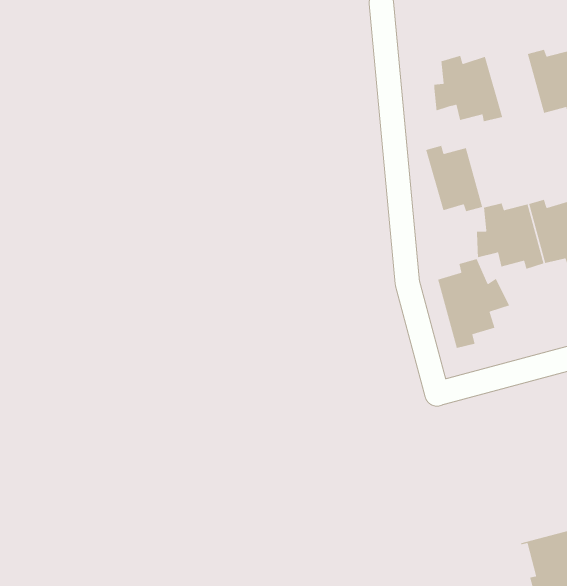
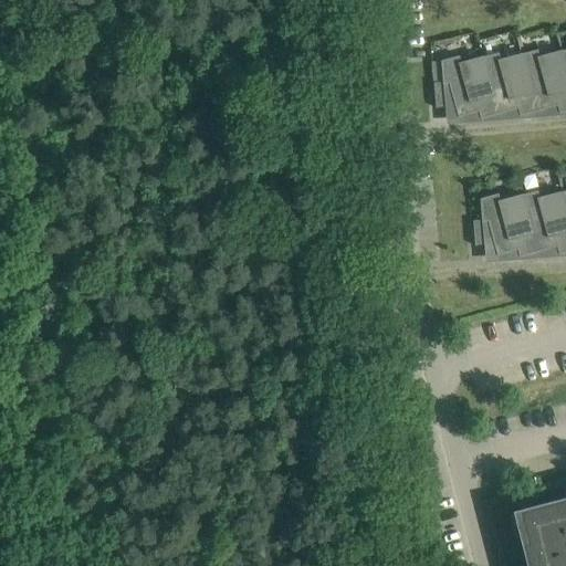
building: [425,145,483,212] -> [482,53,536,116]
building: [437,258,510,349] -> none

